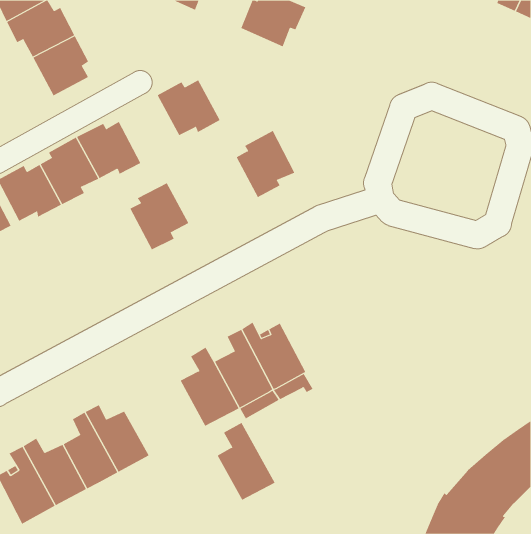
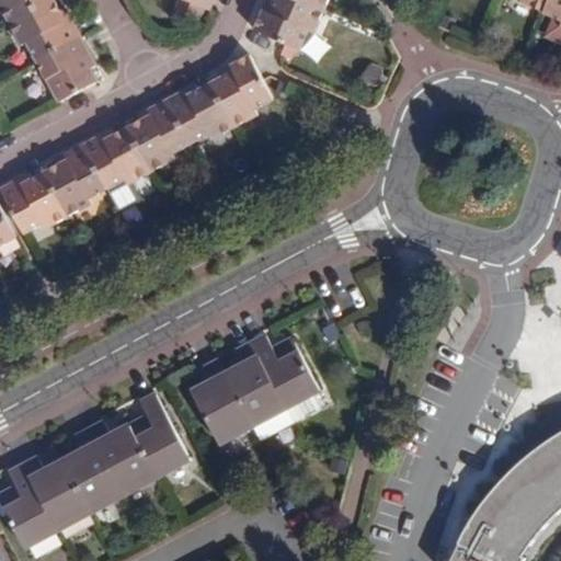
building: [236,130,295,198] -> [208,55,271,126]
building: [130,182,189,250] -> [125,100,187,171]
building: [217,422,275,501] -> [130,396,192,478]

